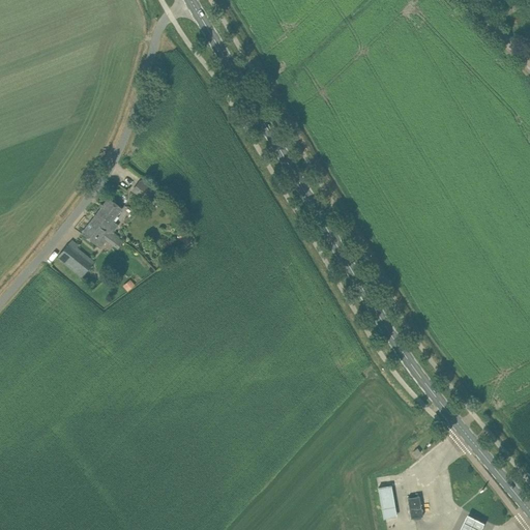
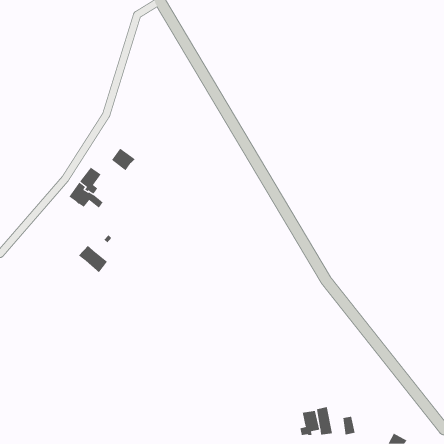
building: [57,244,92,277] -> [78,245,108,273]
building: none -> [300,410,320,436]

